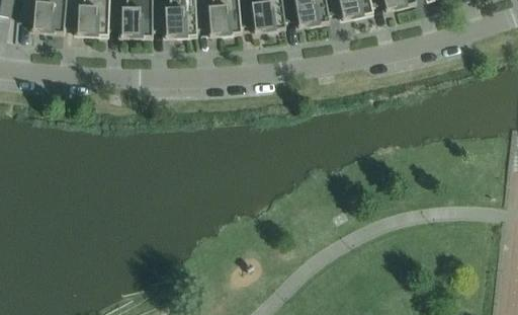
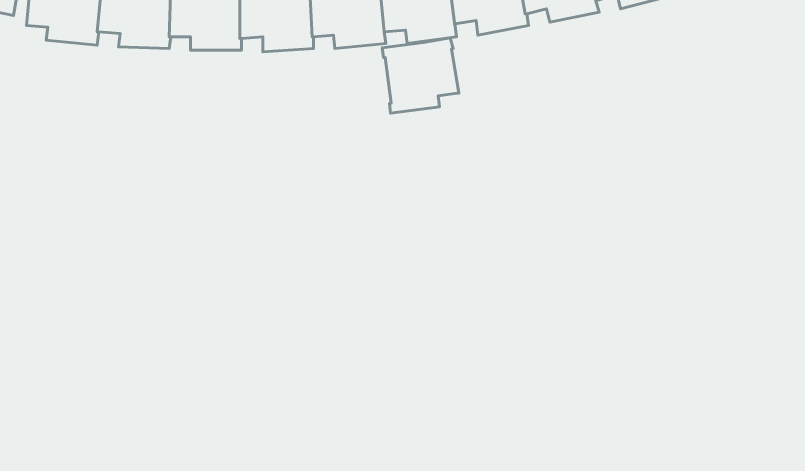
building: none -> [382,38,459,113]

